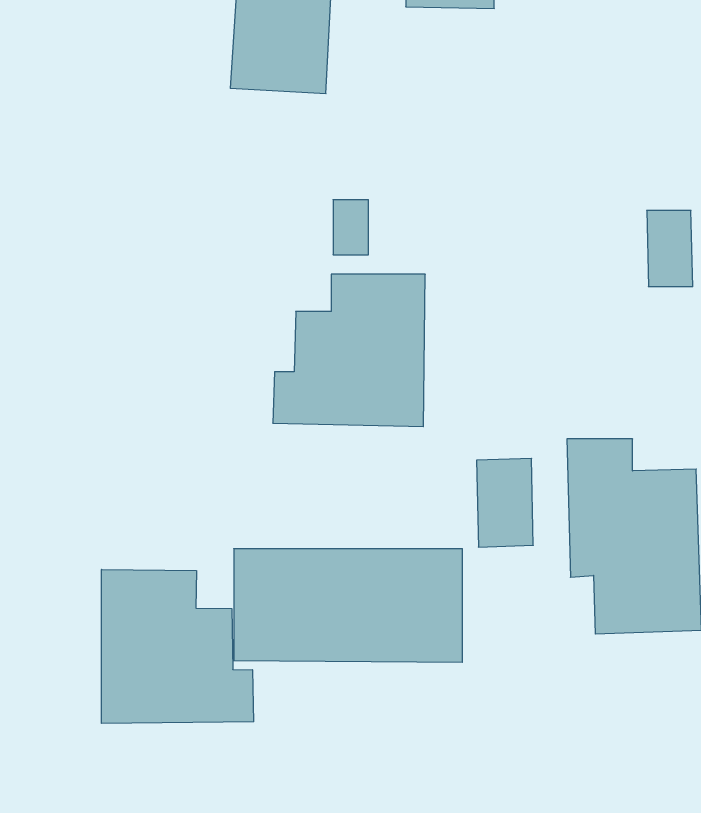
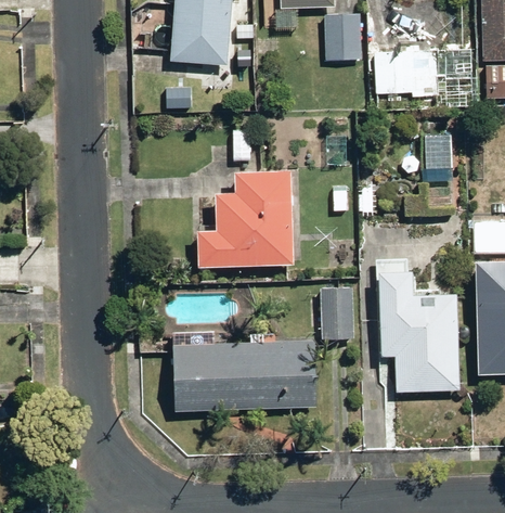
building: none -> [325,14,365,60]
building: none -> [372,48,439,93]
building: [102,569,254,723] -> none

